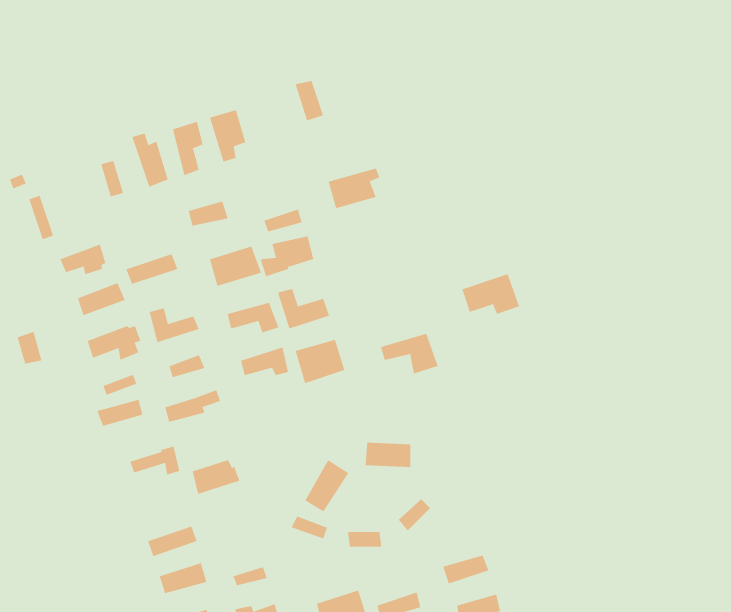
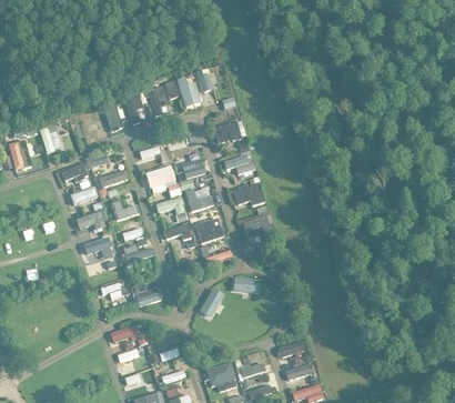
building: none -> [175,78,200,109]
building: none -> [223,149,255,174]
building: [462,274,520,314] -> [232,182,265,205]

